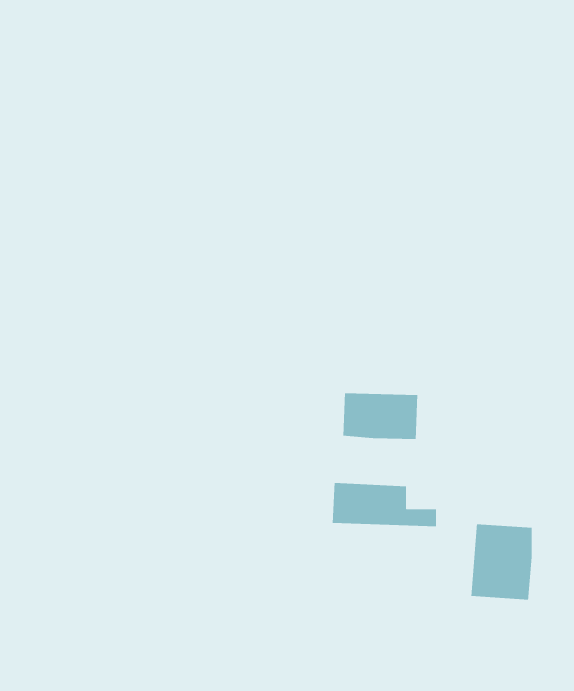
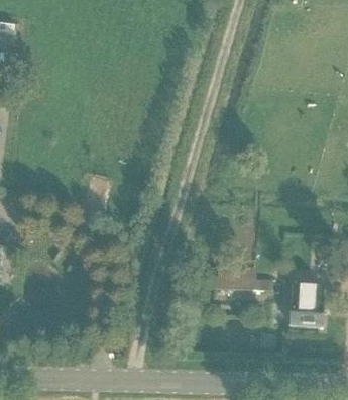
building: [342,393,418,440] -> none

